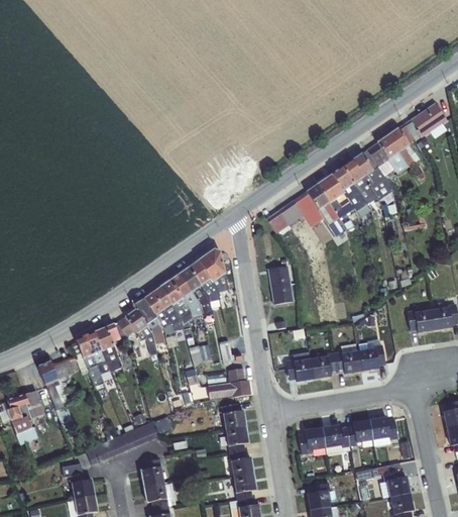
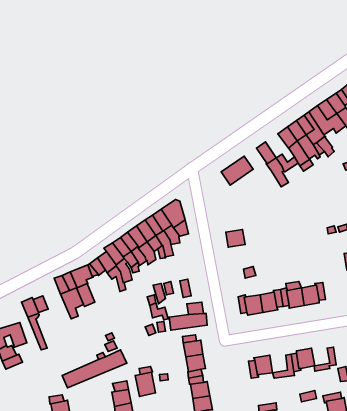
building: [317,175,344,202] -> none
building: [293,191,324,226] -> none
building: [268,266,291,287] -> none
building: [369,416,390,439] -> none
building: [322,424,342,447] -> none
building: none -> [135,372,156,396]

